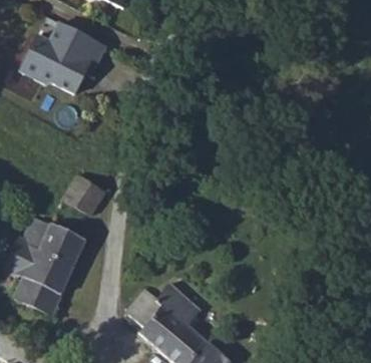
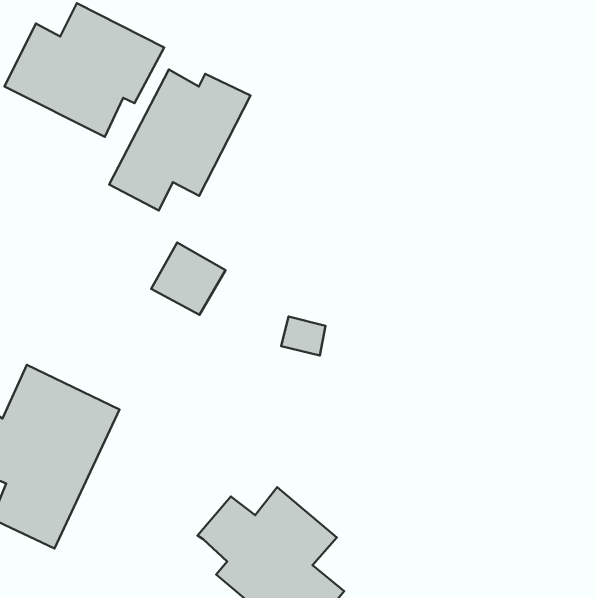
building: none -> [109,70,251,210]
building: [62,176,102,216] -> [151,242,226,315]

